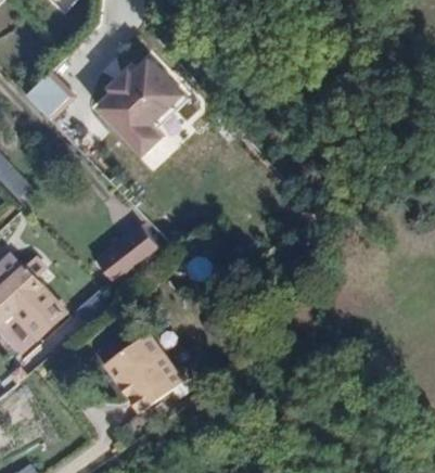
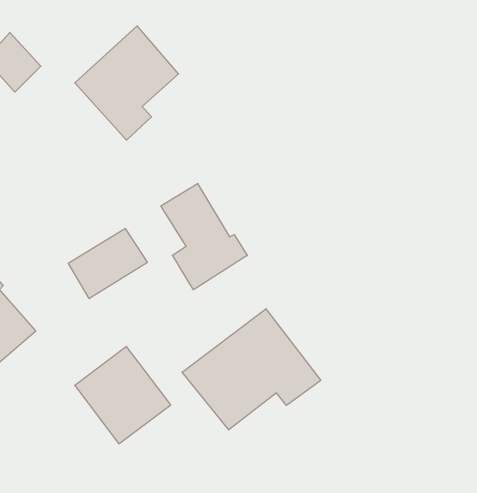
building: none -> [161,184,247,290]
building: none -> [182,309,321,430]

